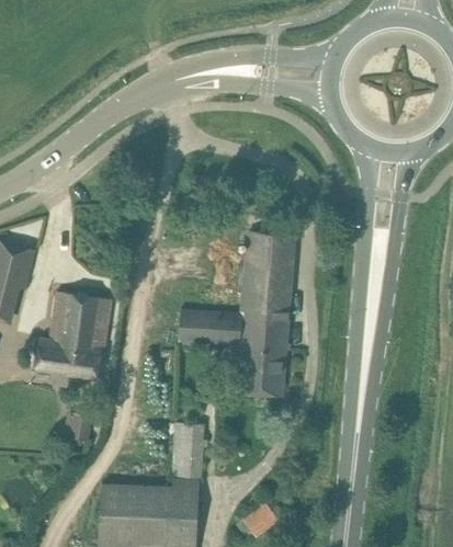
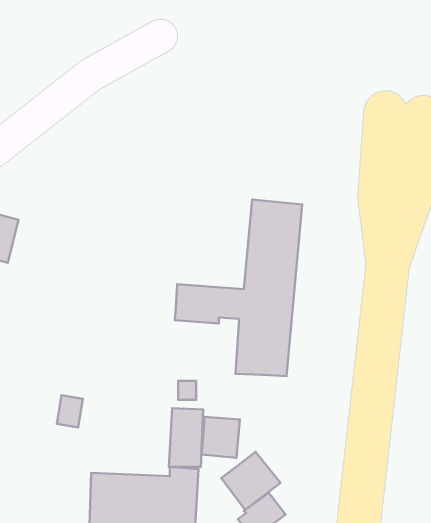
building: [35,290,115,378] -> none
building: none -> [201,417,240,458]
building: none -> [221,452,280,510]

